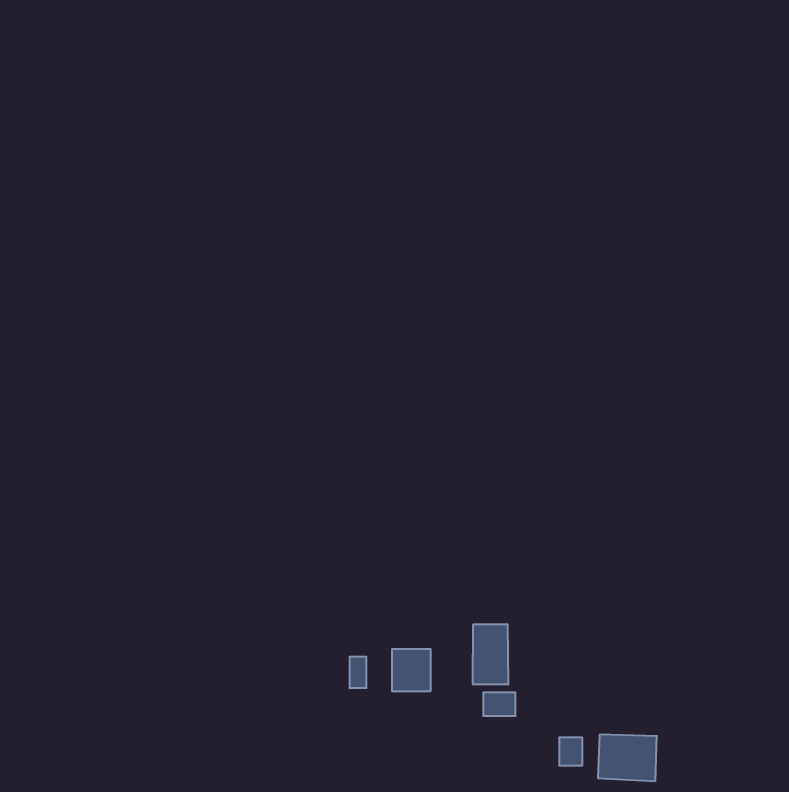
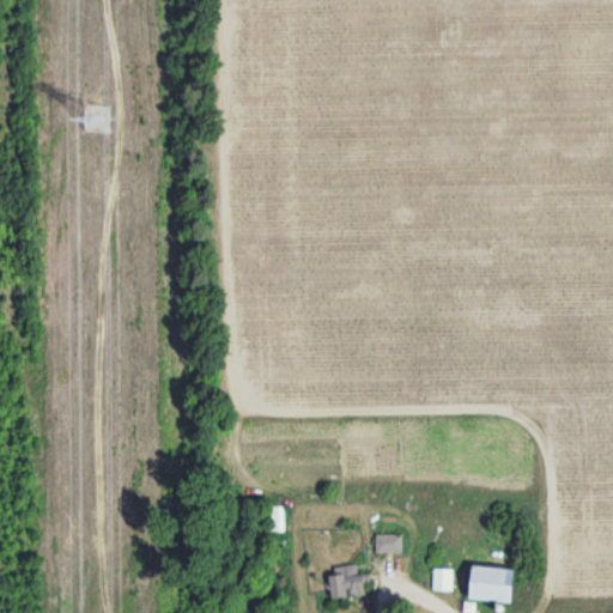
building: [473,624,508,685] -> none
building: [392,649,431,691] -> [332,565,362,597]

